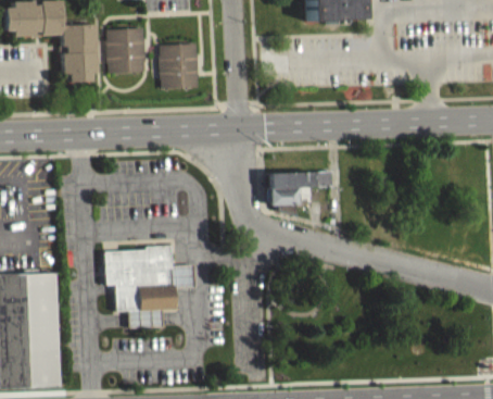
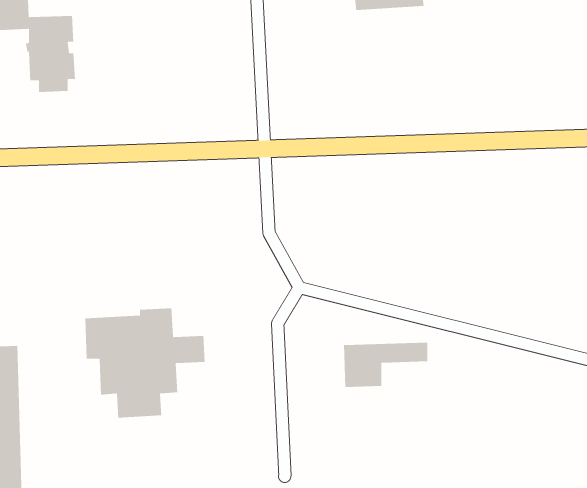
building: [109,25,148,71] -> none
building: [162,41,201,86] -> none
building: [267,177,331,212] -> [343,342,428,388]

